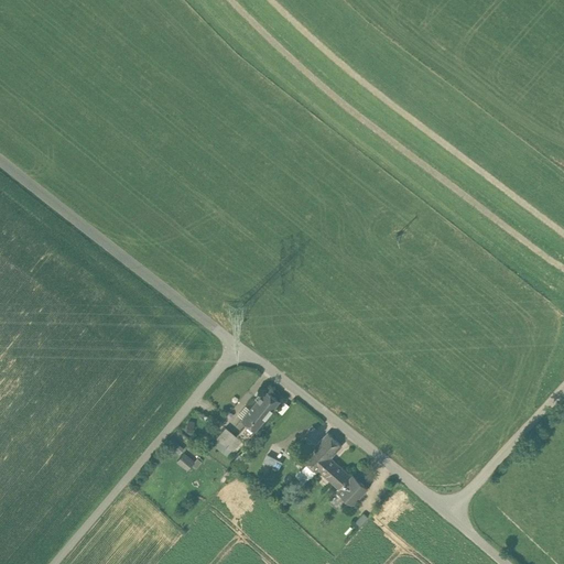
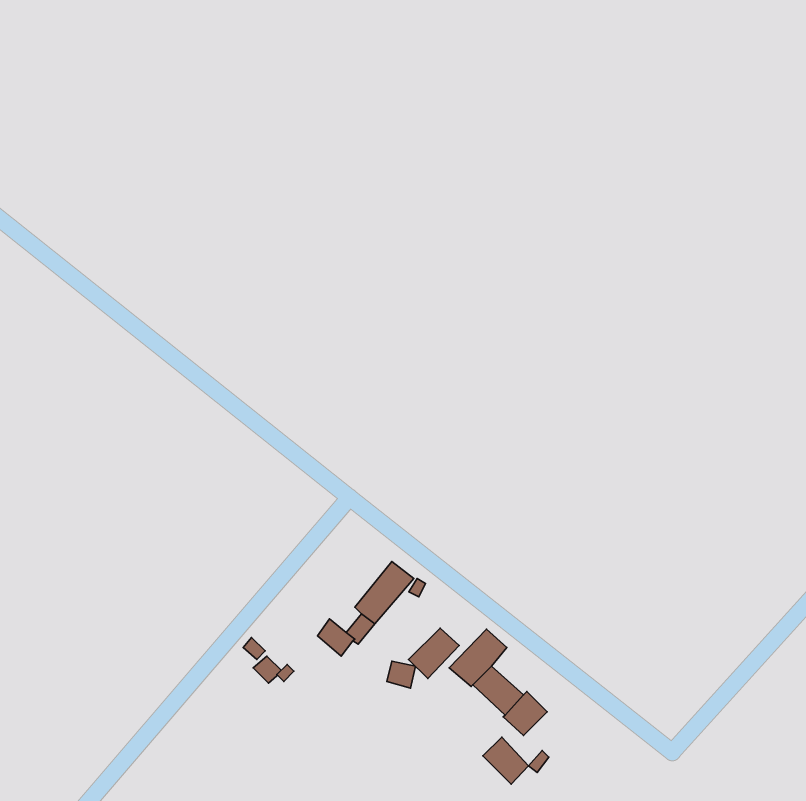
building: none -> [409,628,459,678]
building: none -> [483,737,529,784]

